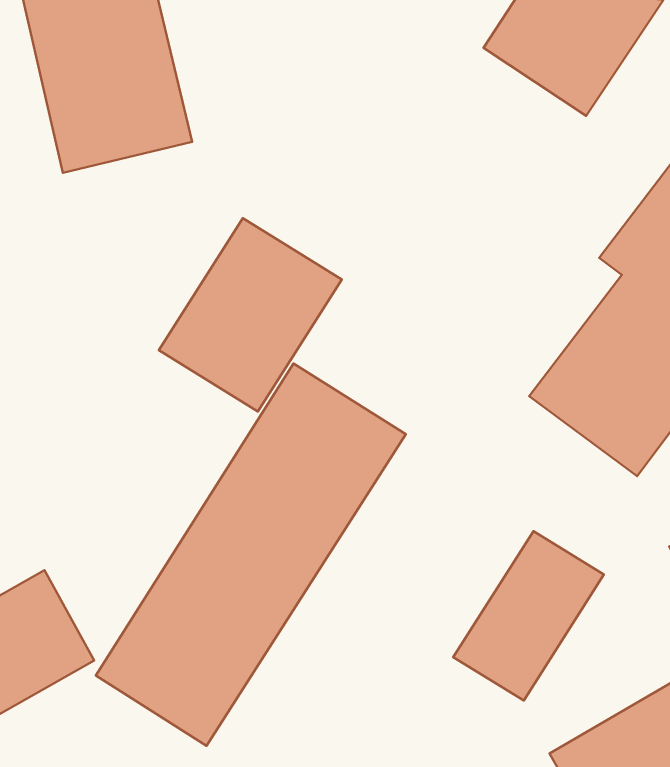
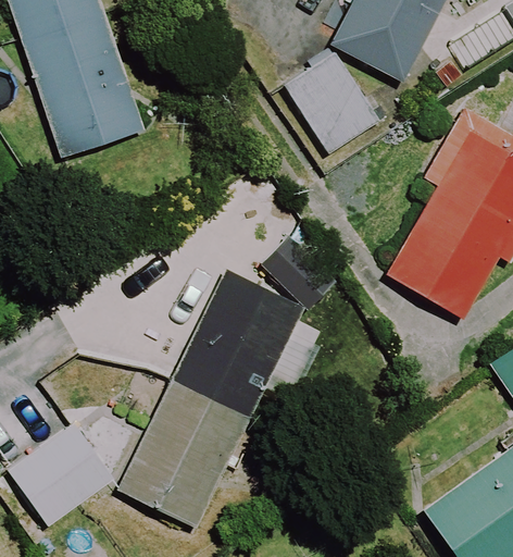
building: none -> [284,51,381,153]
building: [159,218,342,412] -> none
building: [453,531,604,700] -> none

